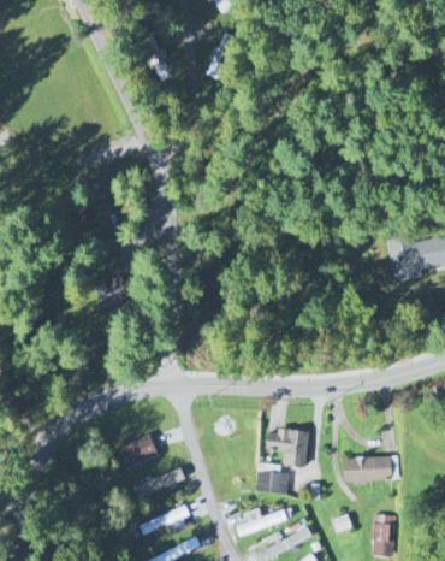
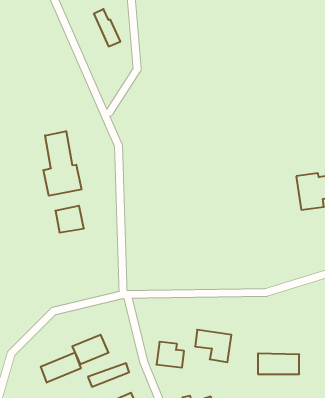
building: none -> [43,131,81,196]
building: none -> [41,353,81,383]
building: [256,462,290,494] -> [156,342,184,368]

